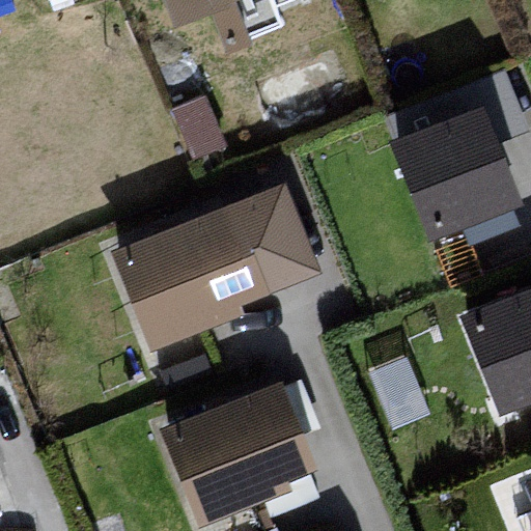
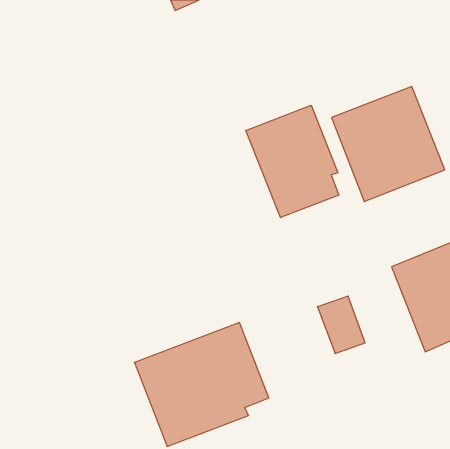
building: none -> [246,105,339,218]
building: [109,184,324,353] -> none

